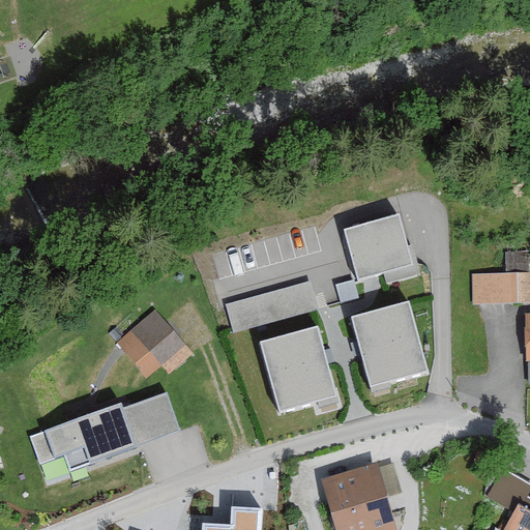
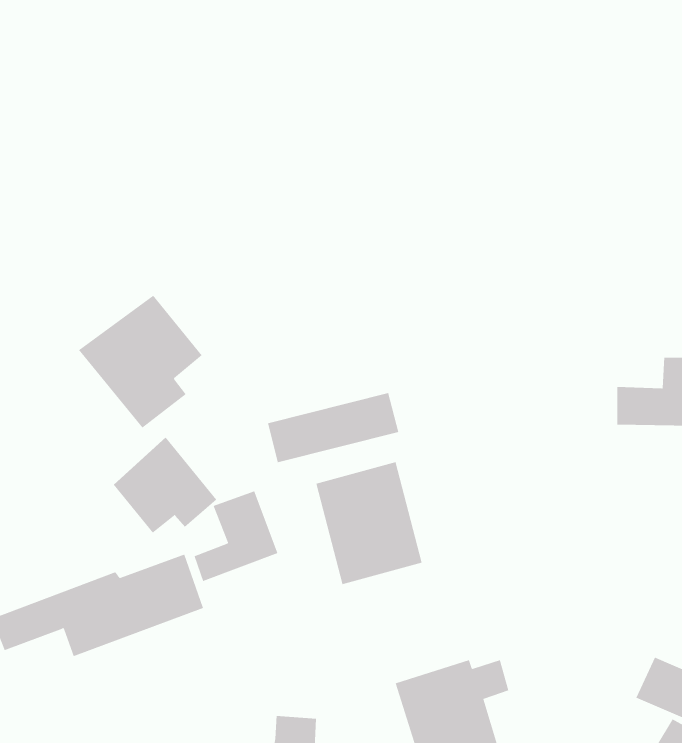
building: none -> [78,295,203,428]
building: [345,215,412,279] -> none
building: [351,301,426,386] -> none
building: none -> [194,491,278,582]

